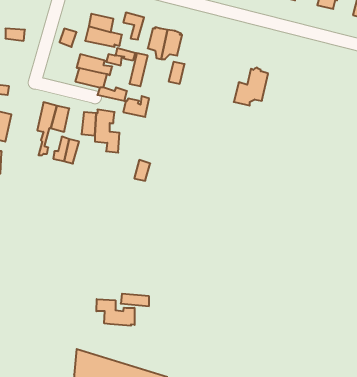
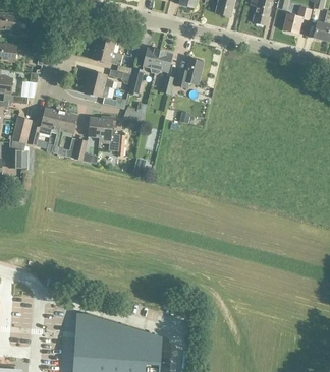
building: [234,68,268,106] -> [174,56,203,87]
building: none -> [28,107,57,145]
building: [96,299,135,326] -> none

